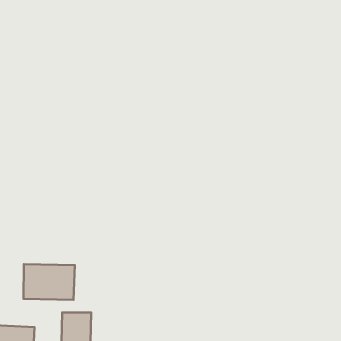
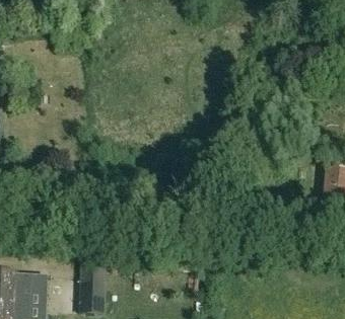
building: [24,264,75,300] -> none

